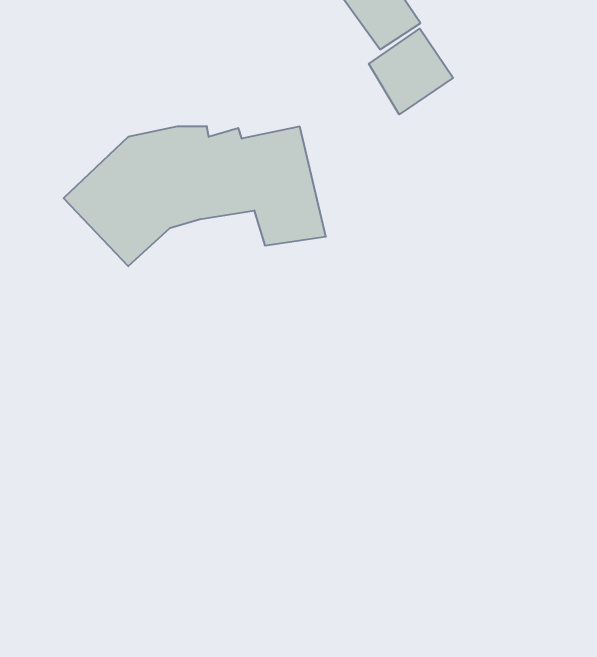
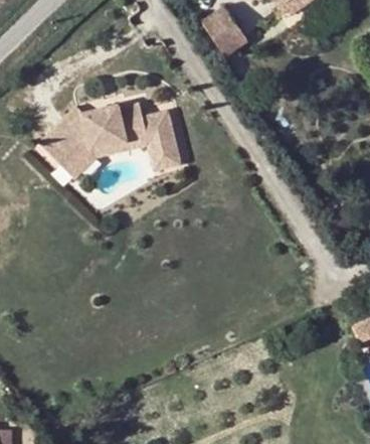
building: [369,29,453,114] -> none

